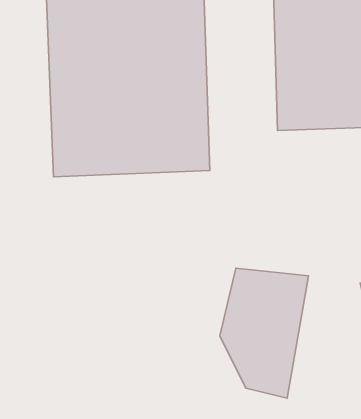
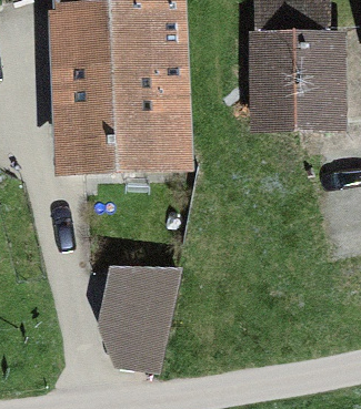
building: [220,268,309,398] -> [97,265,176,380]

